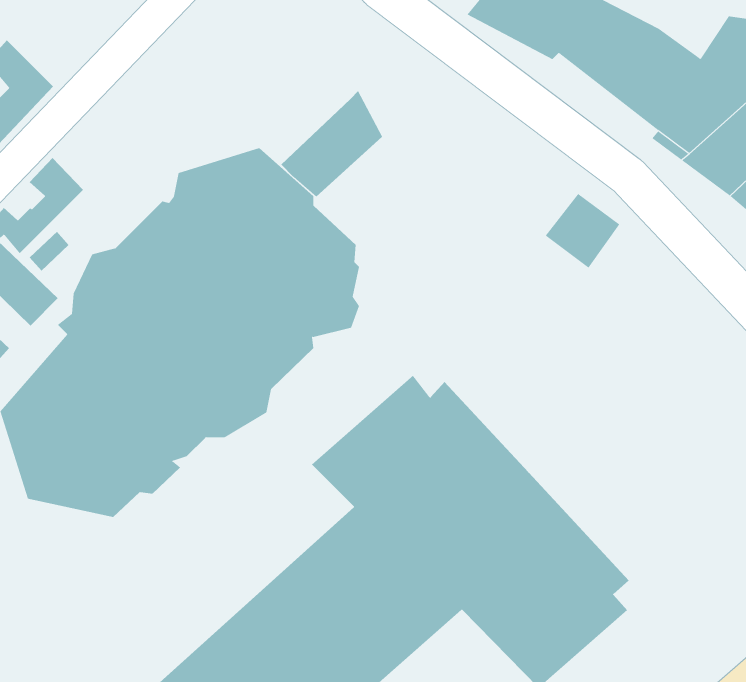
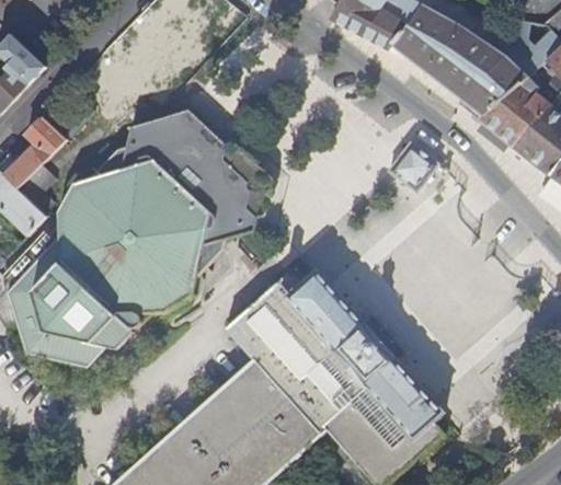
building: [281,90,383,198] -> none

